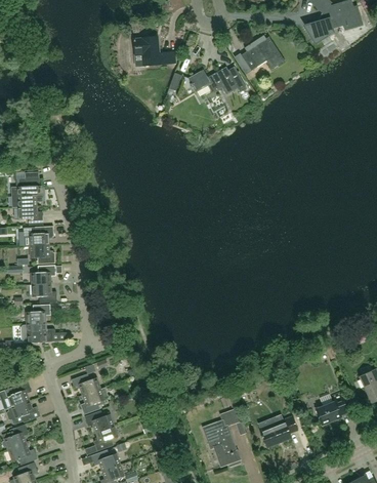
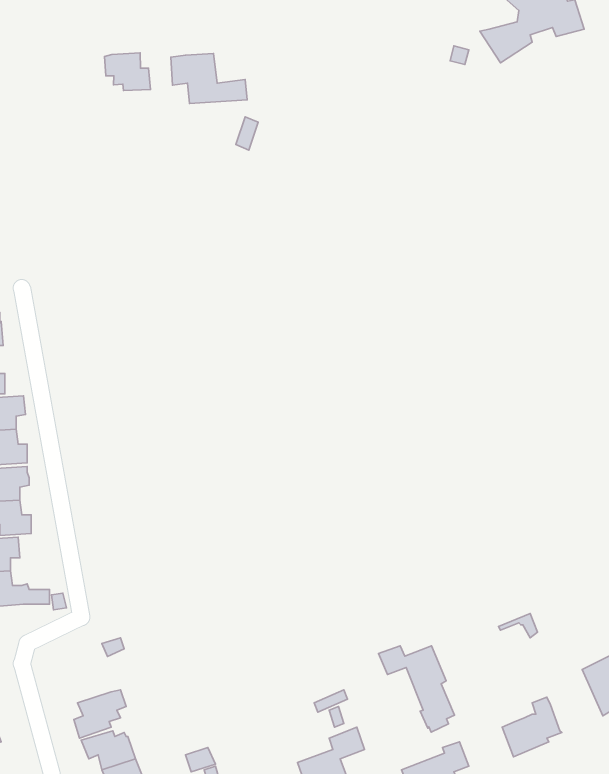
building: [241,37,285,71] -> none
building: none -> [104,53,150,91]
building: [188,67,246,95] -> none
building: none -> [379,646,455,732]
building: [71,374,100,396] -> none

